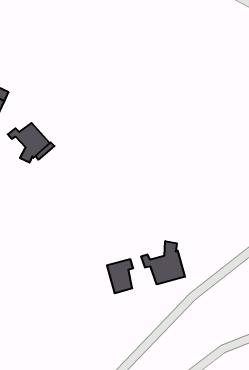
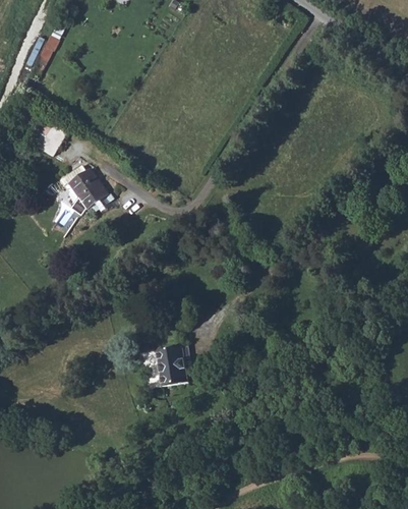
building: [141,241,185,284] -> none

